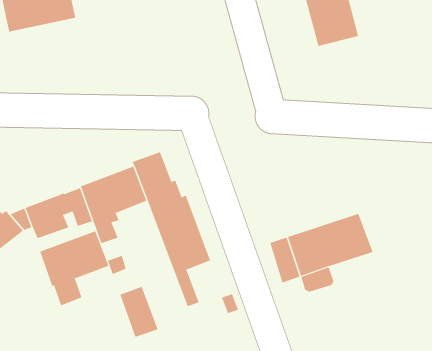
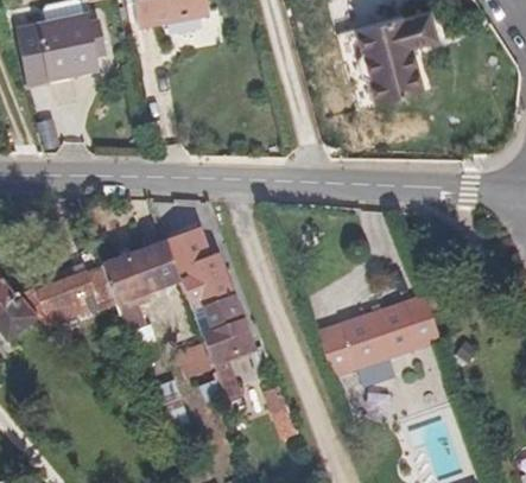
building: [39,231,109,306] -> none

